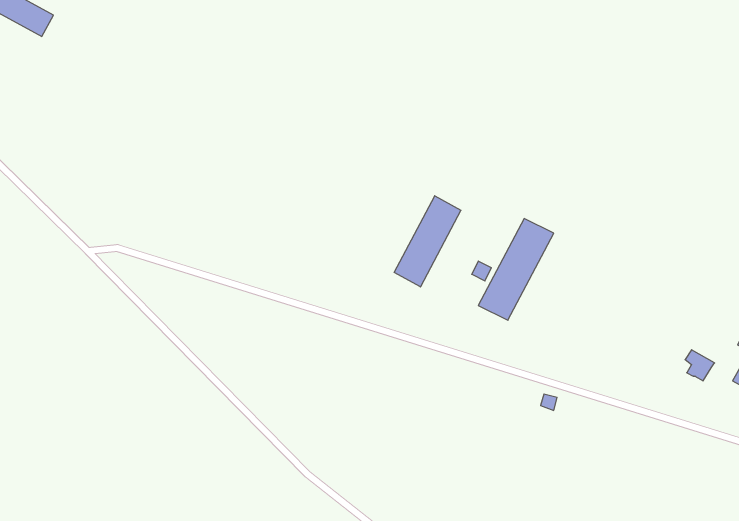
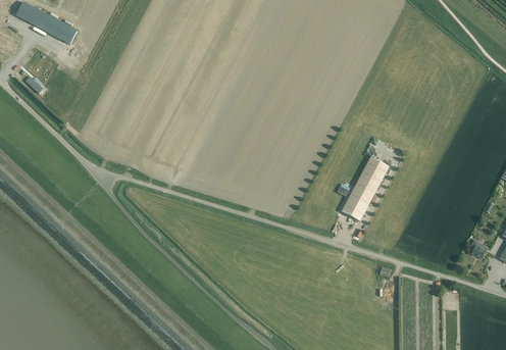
building: [394,196,461,287] -> none

